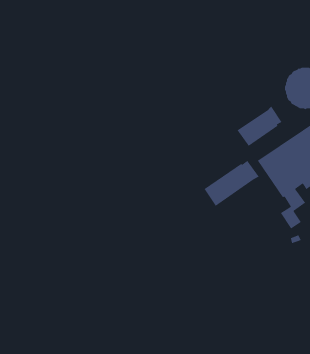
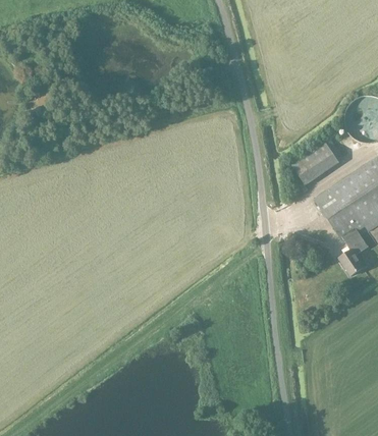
building: [204,160,260,207] -> none

